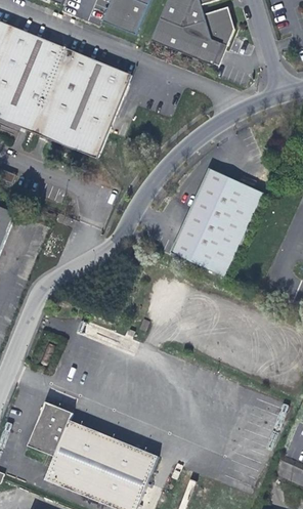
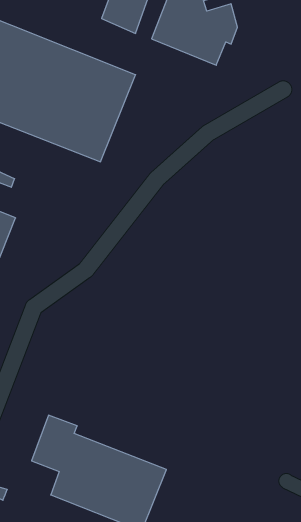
building: [174,167,266,274] -> none

